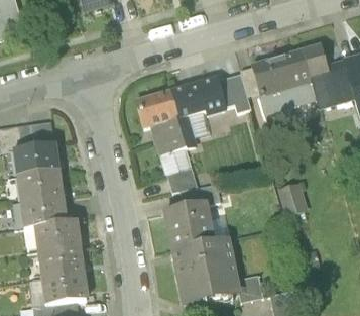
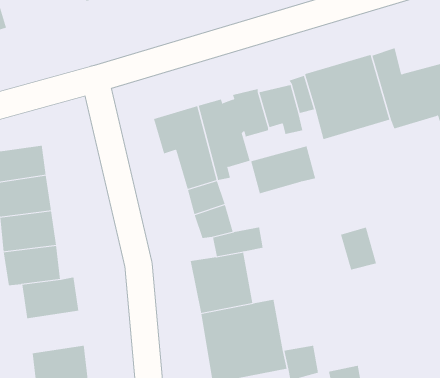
building: none -> [250,145,316,194]
building: [38,247,83,280] -> none

